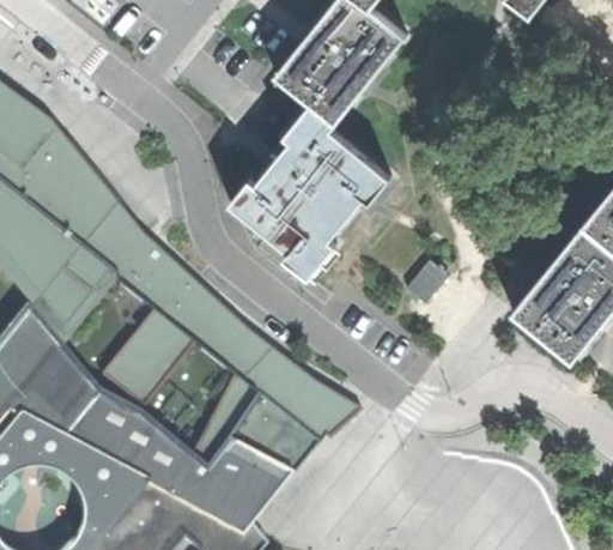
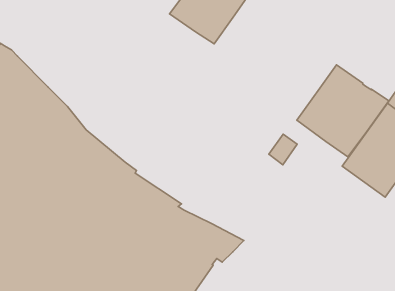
building: [230,102,390,276] -> none
building: none -> [297,65,389,157]

